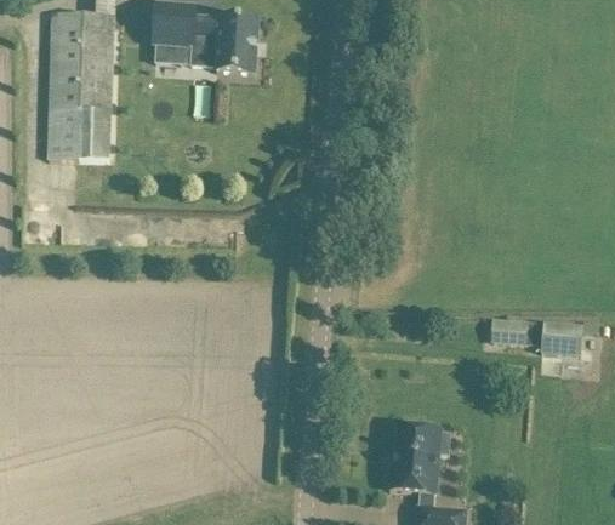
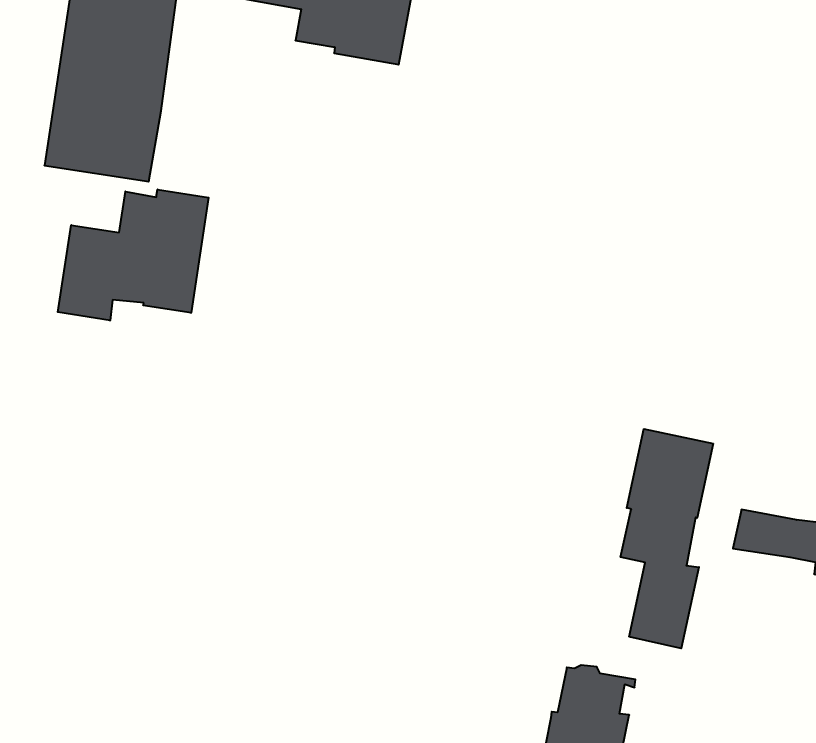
building: none -> [58,189,209,321]
building: none -> [621,429,713,648]

